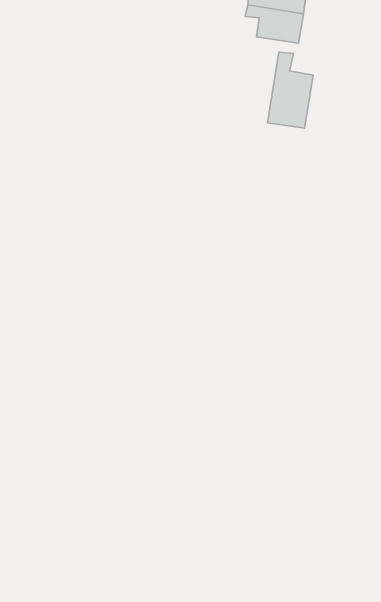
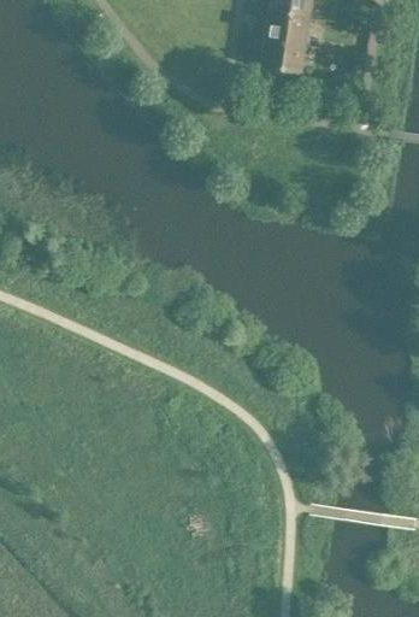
building: [268,52,313,128] -> none

